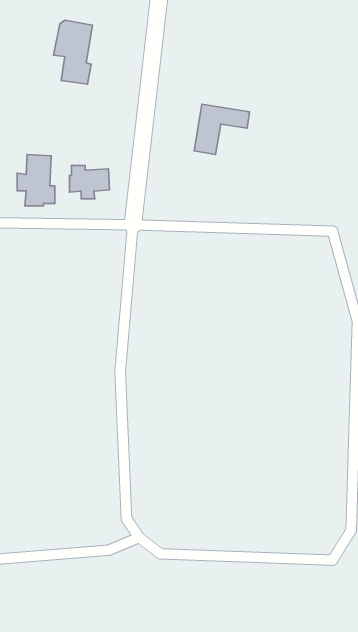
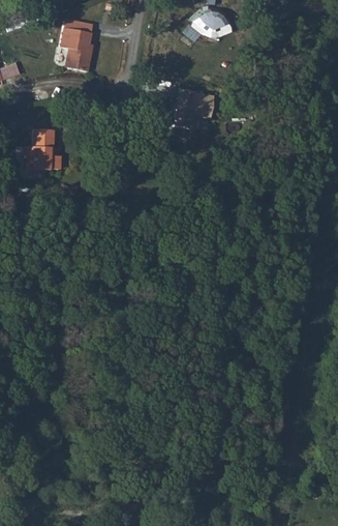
building: none -> [193,10,232,37]
building: [70,166,110,199] -> none

